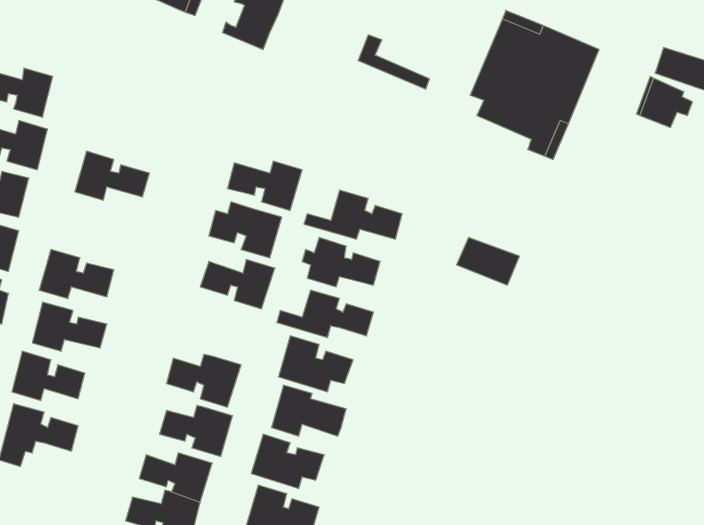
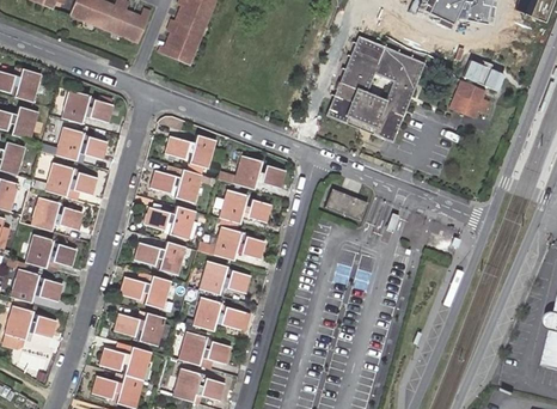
building: [358,35,429,89] -> [326,91,377,129]
building: none -> [60,93,112,127]
building: none -> [29,165,98,202]
building: none -> [134,242,186,276]

